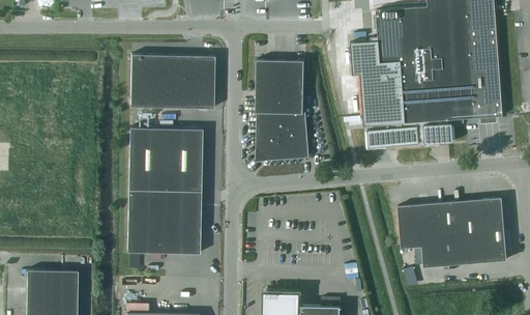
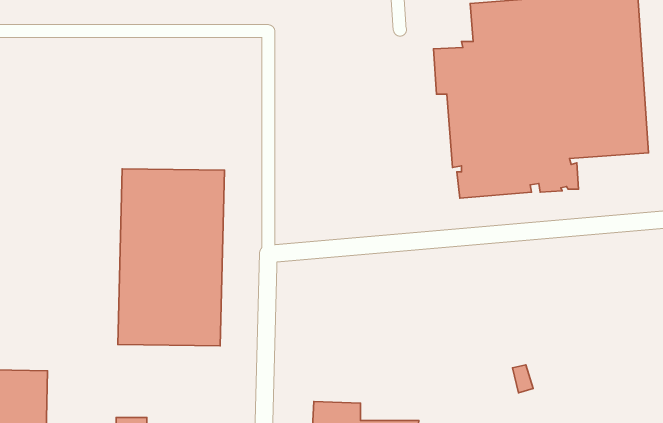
building: [129,55,214,109] -> none
building: [256,61,305,159] -> none
building: [398,198,506,267] -> none

